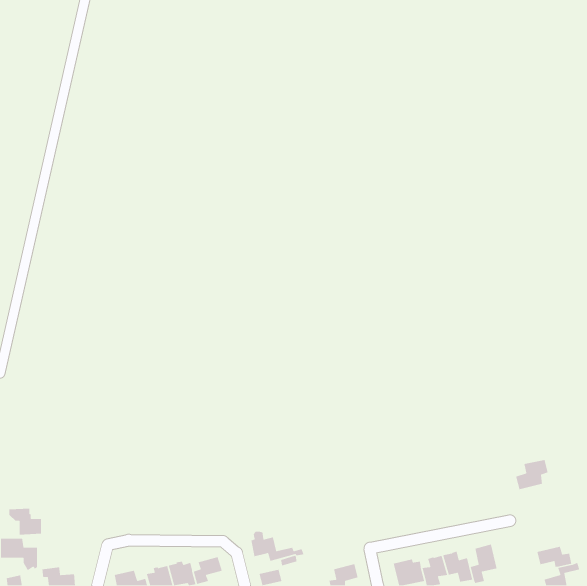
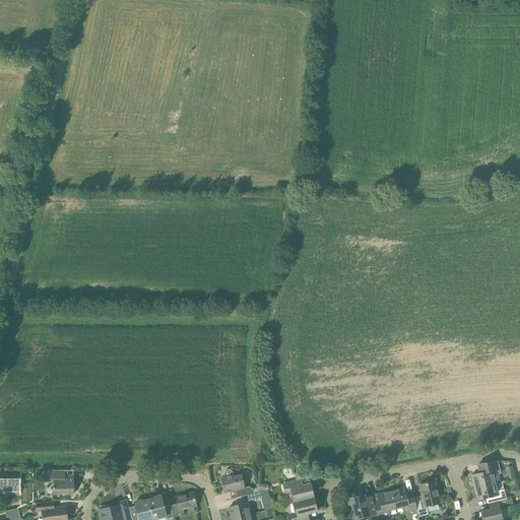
building: [515,459,549,490] -> [471,460,501,488]
building: [8,508,42,535] -> [45,469,74,494]
building: none -> [283,470,314,503]

